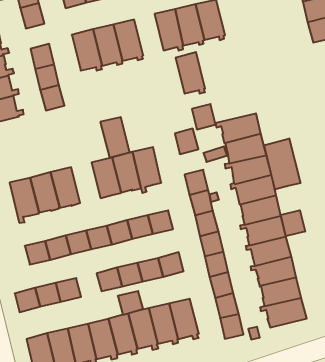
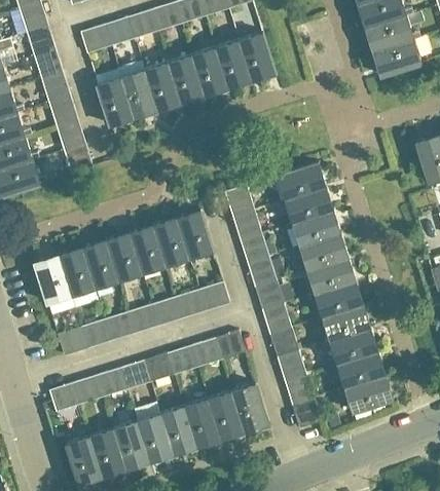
building: none -> [41,72,70,103]
building: [176,52,205,94] -> [168,52,205,102]
building: [192,104,215,129] -> [231,207,260,238]
building: [100,117,130,158] -> [105,231,142,279]
building: [264,138,300,189] -> none
building: [281,210,305,236] -> none
building: [118,291,143,315] -> [119,361,150,389]

